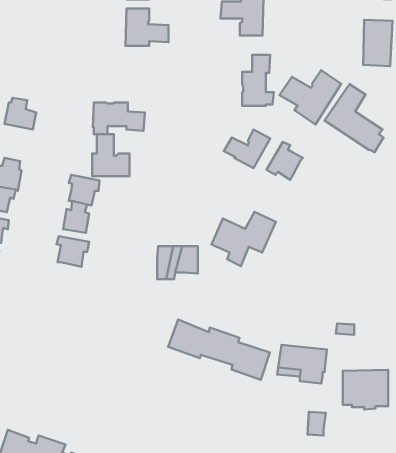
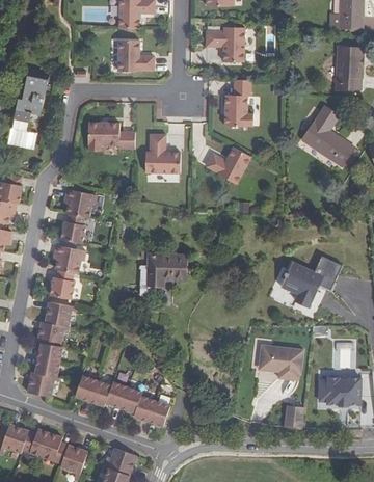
building: none -> [14,72,47,120]
building: [280,70,341,124] -> none
building: [92,134,130,176] -> [145,134,180,172]
building: [267,142,303,180] -> none
building: [211,212,276,266] -> [281,256,340,305]
building: none -> [50,269,74,298]
building: none -> [27,301,76,396]
building: [168,320,270,380] -> [76,370,169,425]

